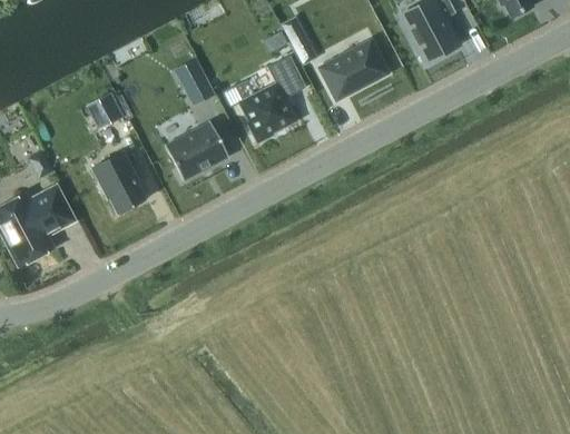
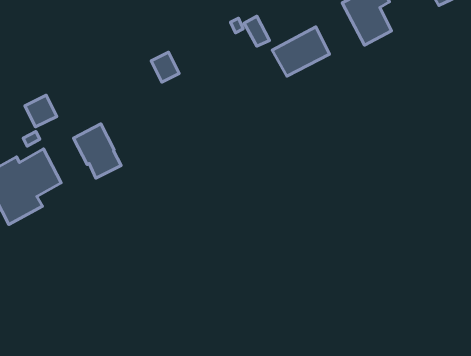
building: [239,53,306,141] -> none
building: [87,91,124,128] -> [25,95,57,127]
building: [165,120,229,179] -> none

